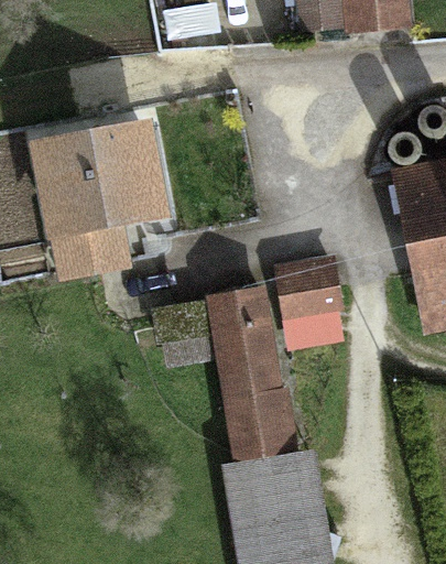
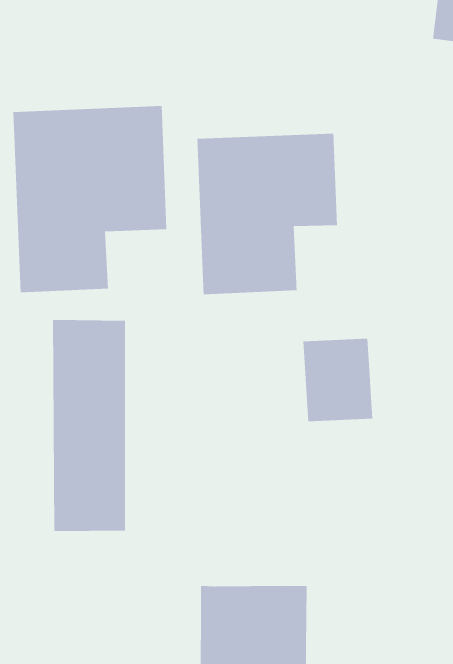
building: none -> [197,133,338,295]
building: [214,304,294,473] -> [52,320,126,532]

